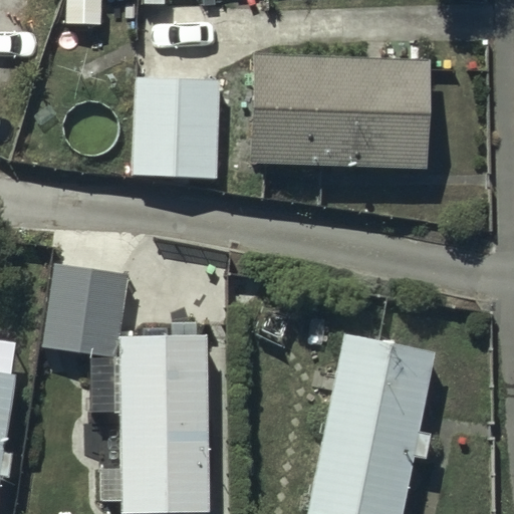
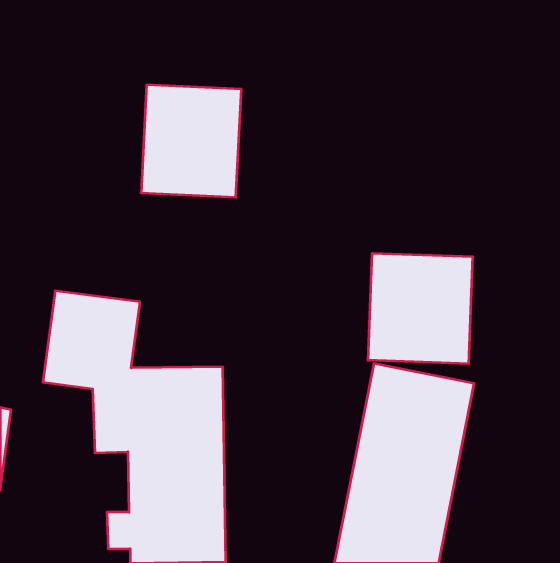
building: [252,53,431,168] -> none
building: none -> [368,253,473,364]

